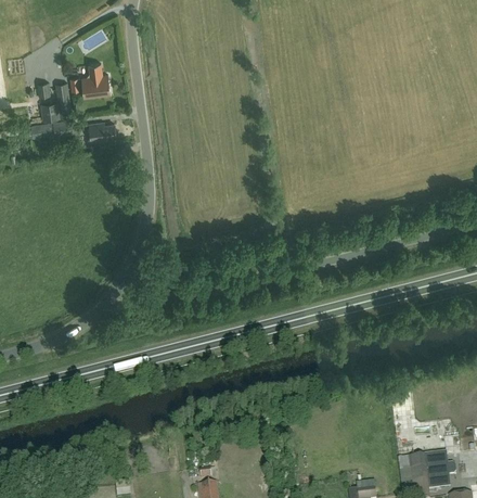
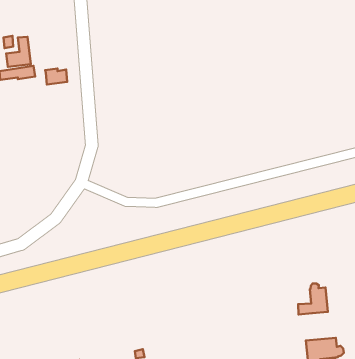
building: [69,63,109,97] -> none
building: none -> [298,283,328,314]

